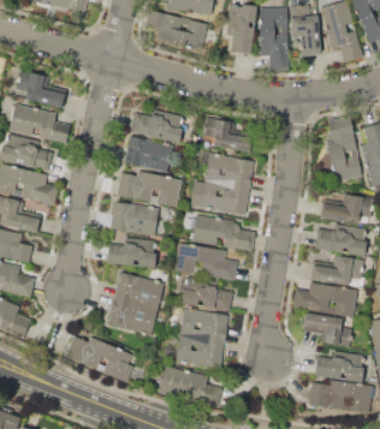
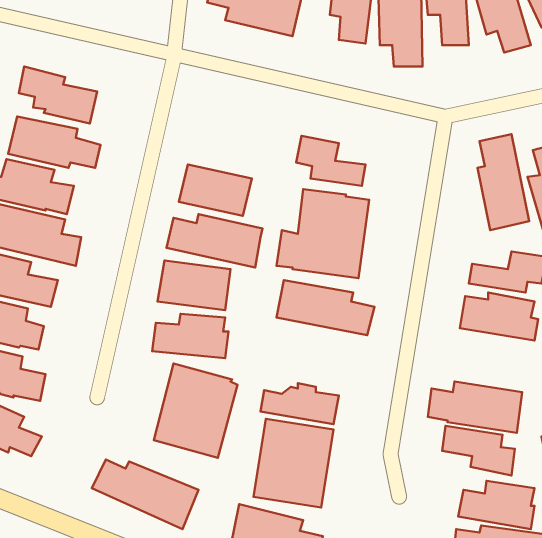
building: [130,109,183,143] -> none
building: [173,243,238,282] -> none
building: [310,257,363,286] -> none

